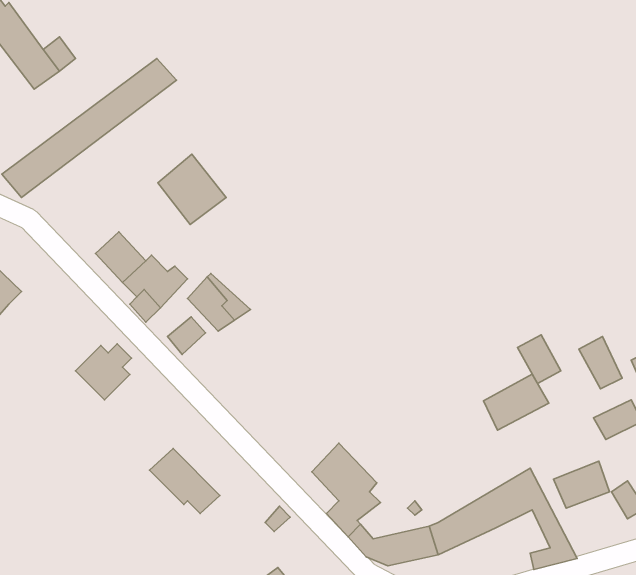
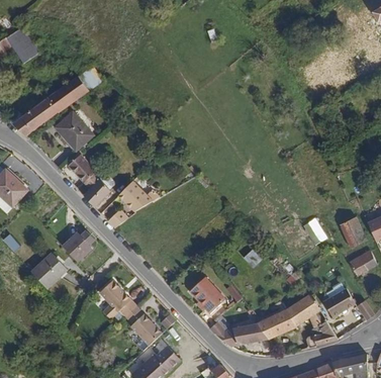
building: [158,154,226,224] -> [57,111,95,151]
building: [484,374,549,430] -> none
building: none -> [32,251,67,286]
building: none -> [126,306,164,345]

